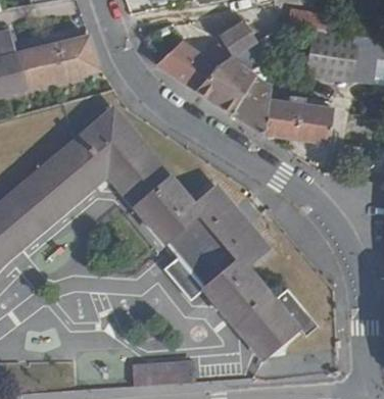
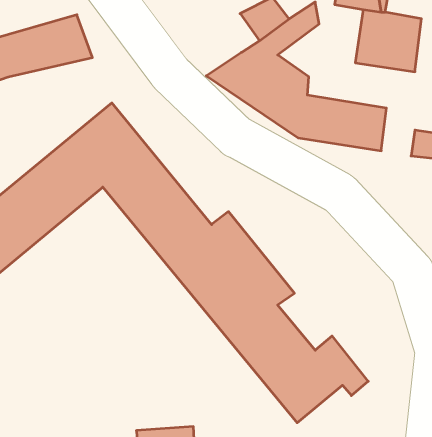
building: [150,39,218,86] -> none

